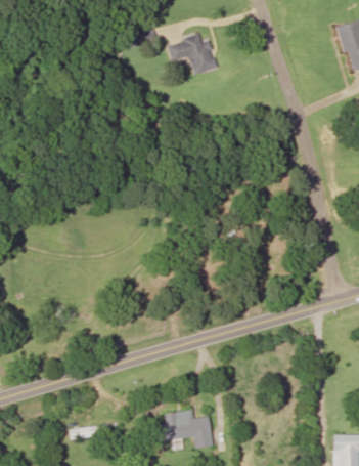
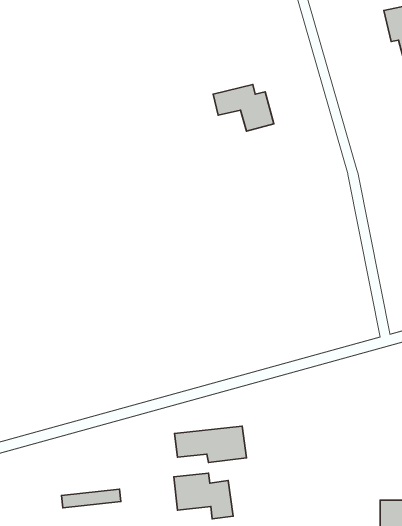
building: [168,35,218,74] -> [213,84,274,131]
building: none -> [175,426,247,462]

